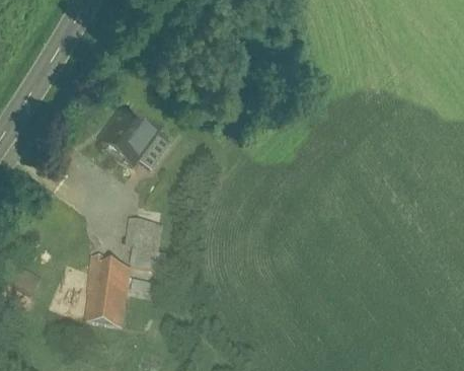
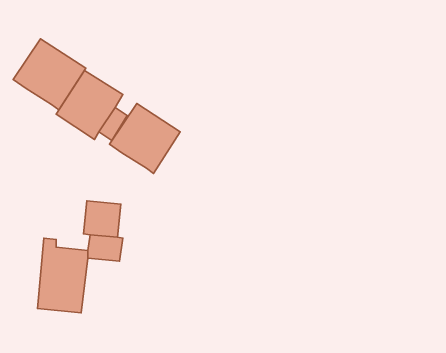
building: none -> [13,39,86,110]
building: none -> [110,104,180,173]

